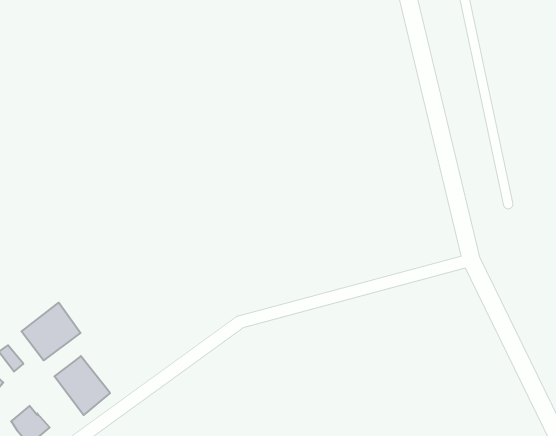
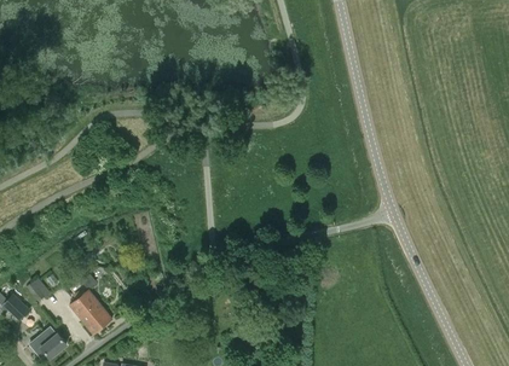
building: [21,303,81,360] -> none

